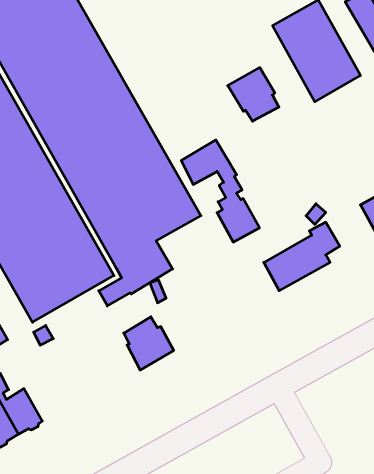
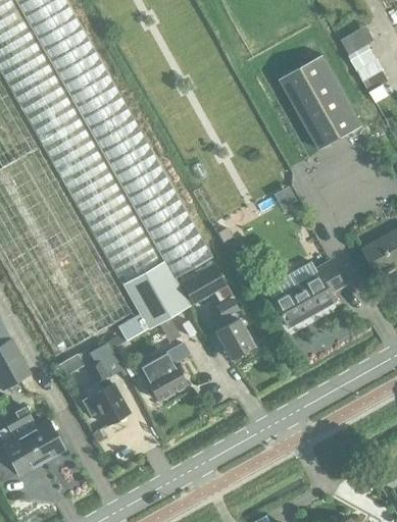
building: [228,68,279,121] -> none
building: [181,140,259,242] -> [181,262,254,358]
building: none -> [88,342,130,424]

